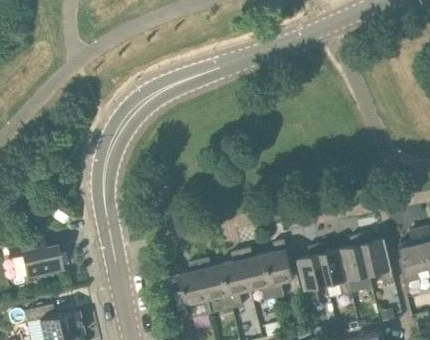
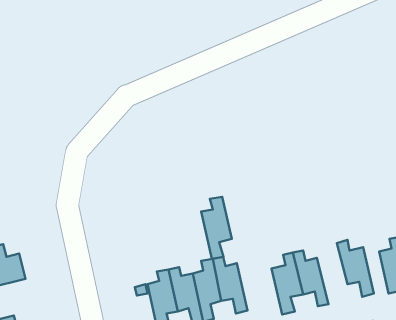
building: [339,236,368,294] -> none
building: [263,241,292,300] -> [201,197,232,259]

